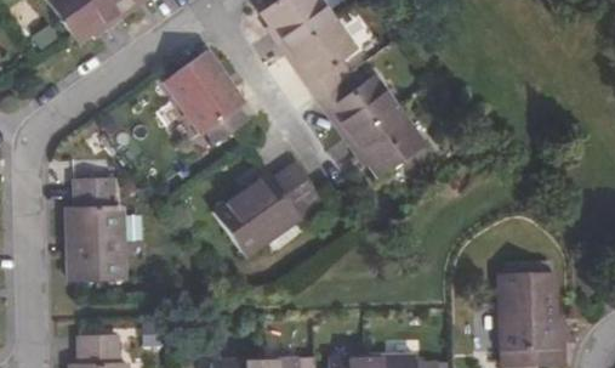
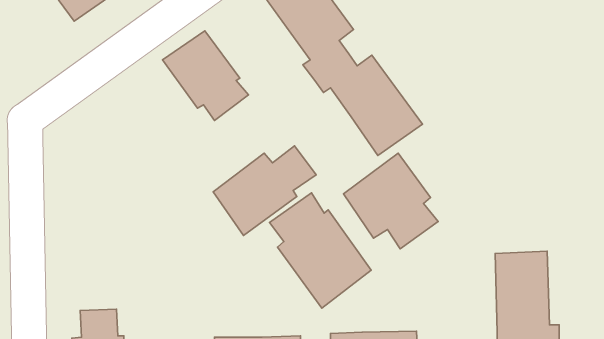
building: none -> [344,153,438,249]
building: [70,175,123,277] -> none
building: none -> [269,193,371,308]

